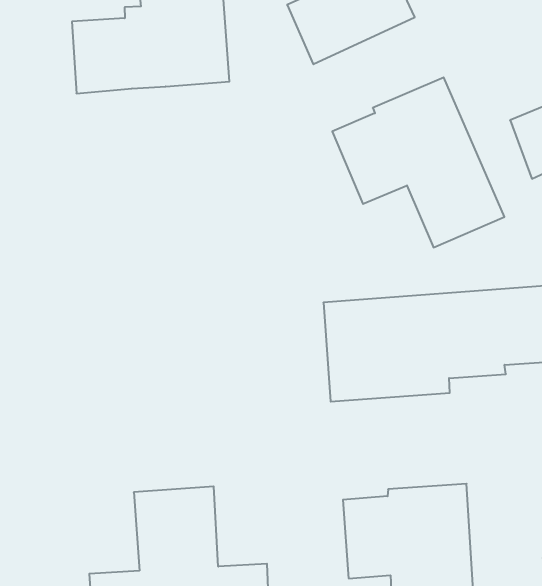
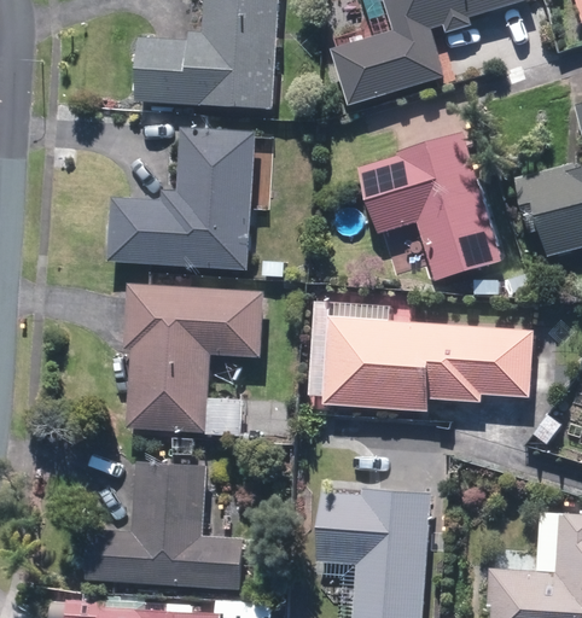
building: none -> [107,128,255,270]
building: none -> [124,284,262,435]

